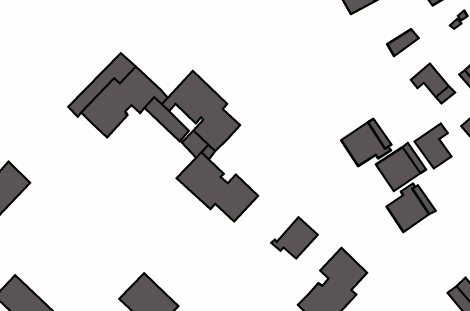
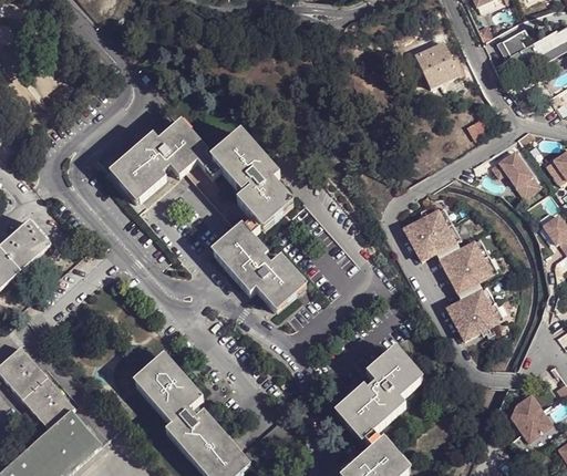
building: [414,124,451,168] -> none
building: [271,217,318,259] -> none

